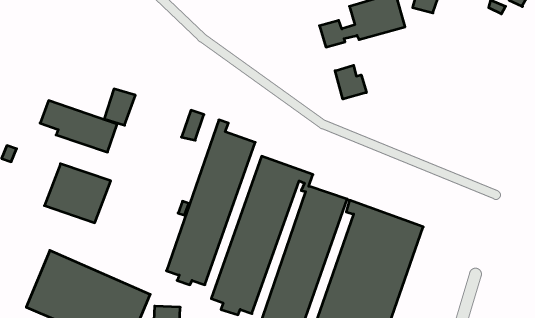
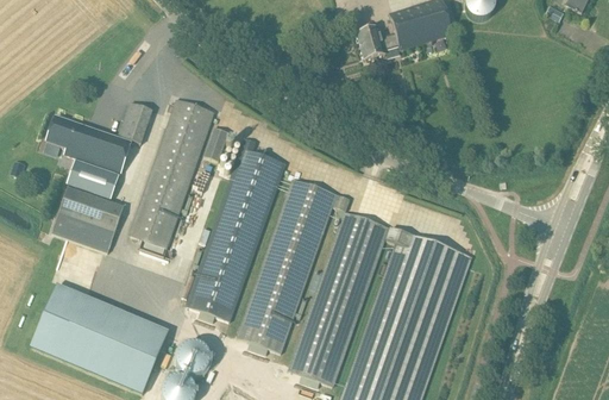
building: [335,65,366,99] -> none
building: none -> [130,98,214,251]
building: none -> [67,158,120,199]

